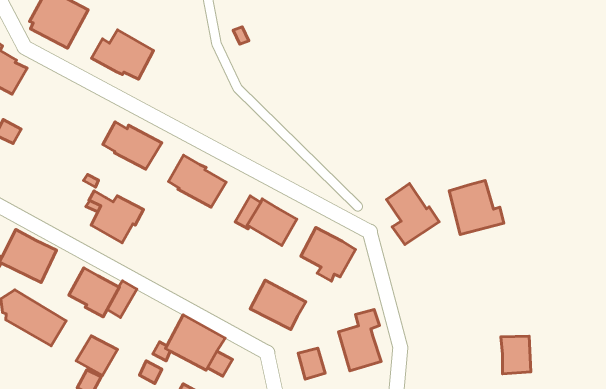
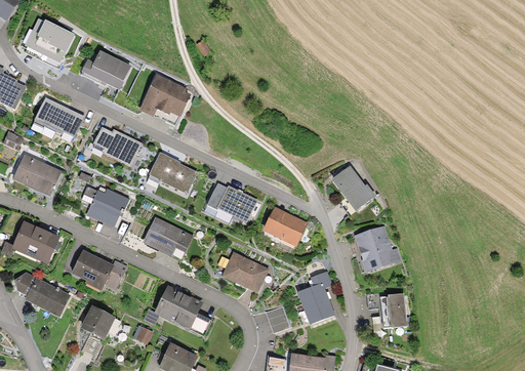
building: none -> [138,75,189,125]
building: none -> [33,96,84,137]
building: none -> [12,154,62,197]
building: [449,181,504,234] -> [354,225,401,272]
building: none -> [143,217,194,255]
building: [501,336,531,374] -> [379,295,406,328]

